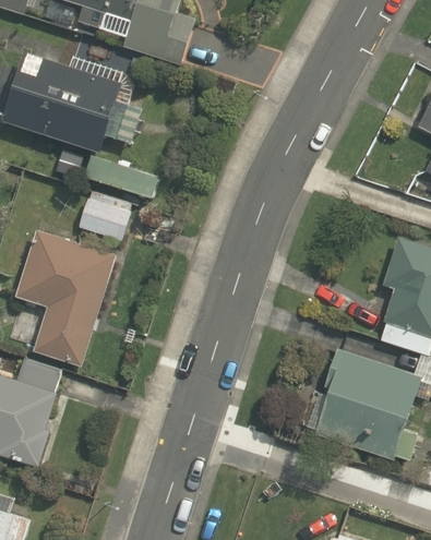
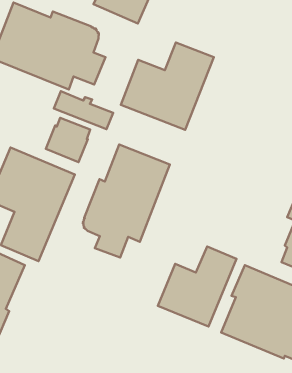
building: none -> [121,42,214,130]
building: none -> [83,144,170,258]
building: none -> [158,247,237,327]

